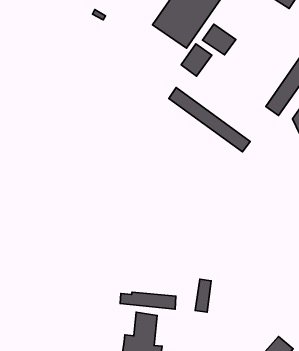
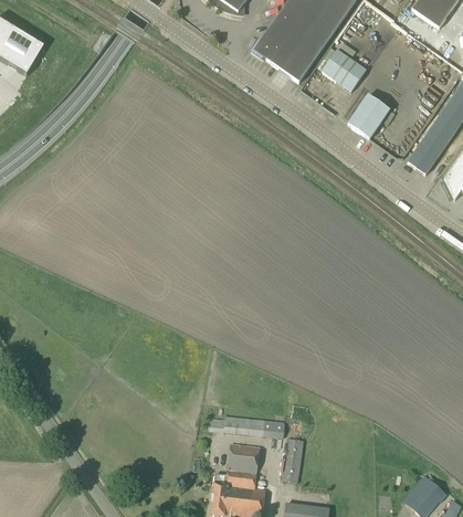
building: [181,44,212,76] -> [348,94,390,138]
building: [169,87,250,152] -> none
building: [195,279,211,312] -> [282,436,304,482]

